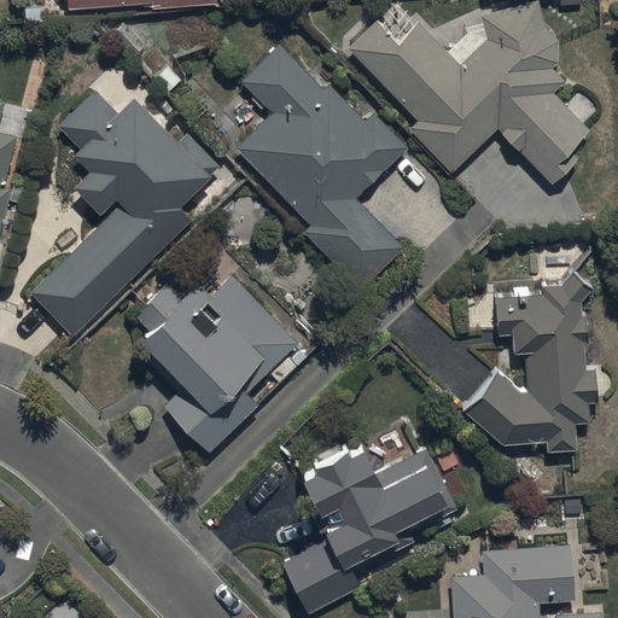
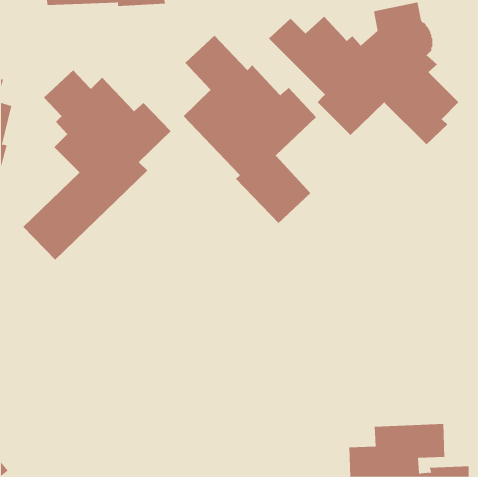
building: [464,275,596,454] -> none
building: [133,276,307,456] -> none
building: [281,441,443,606] -> none

